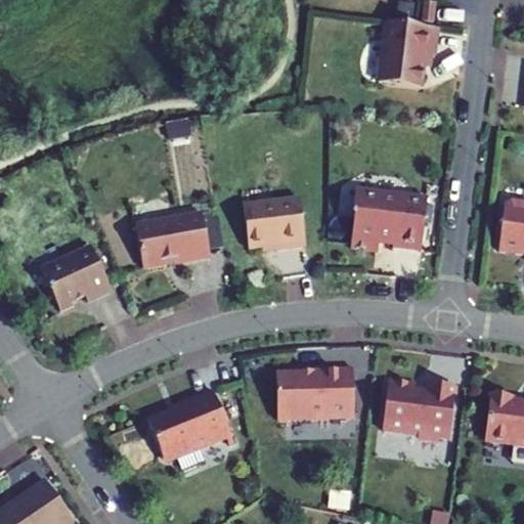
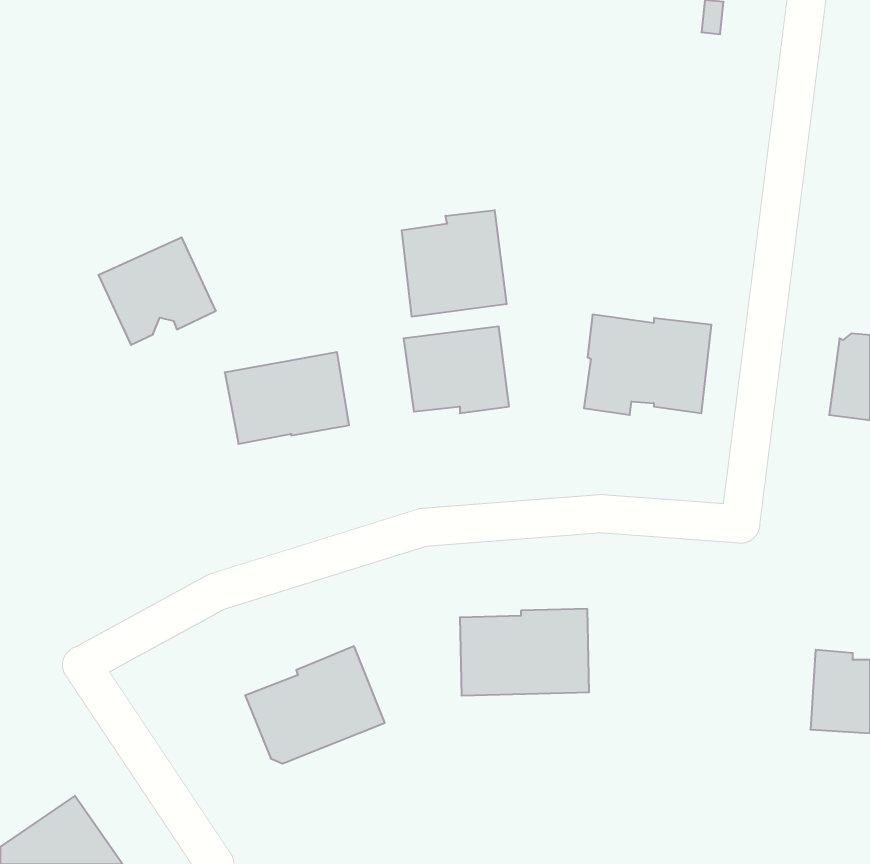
building: [379,20,438,87] -> none
building: none -> [402,210,507,317]
building: [41,246,112,310] -> [98,238,216,345]
building: [383,379,456,441] -> none

